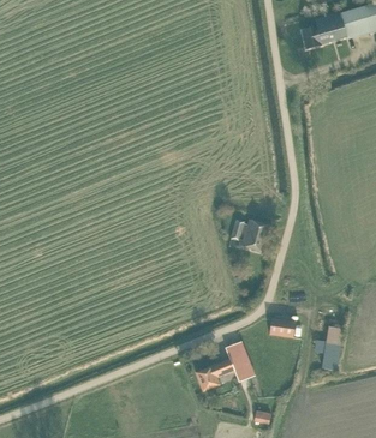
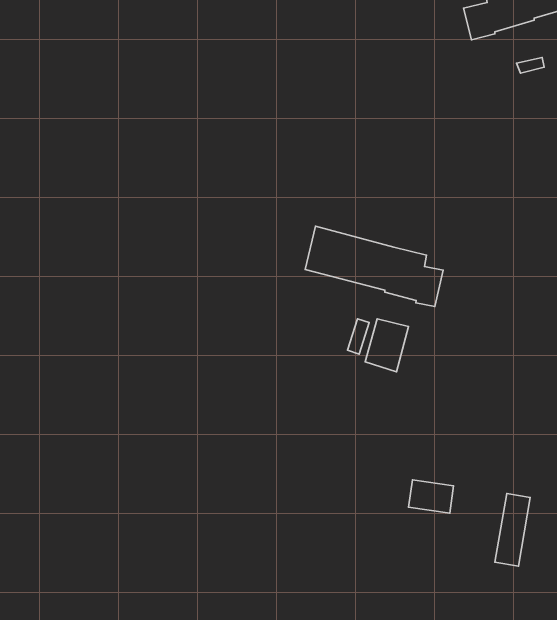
building: none -> [305,226,443,307]
building: [195,342,255,391] -> none

